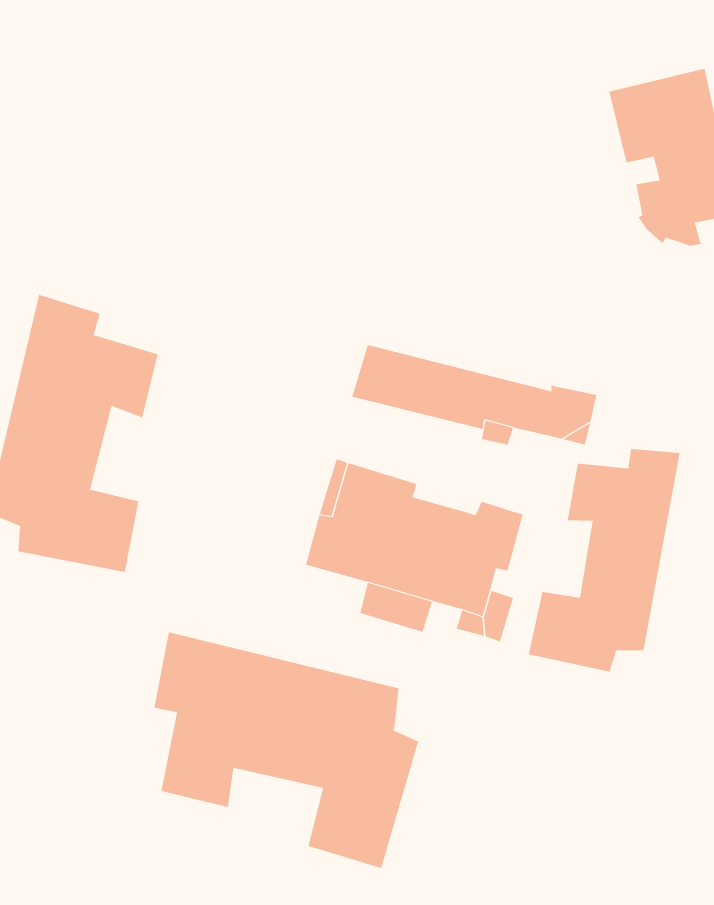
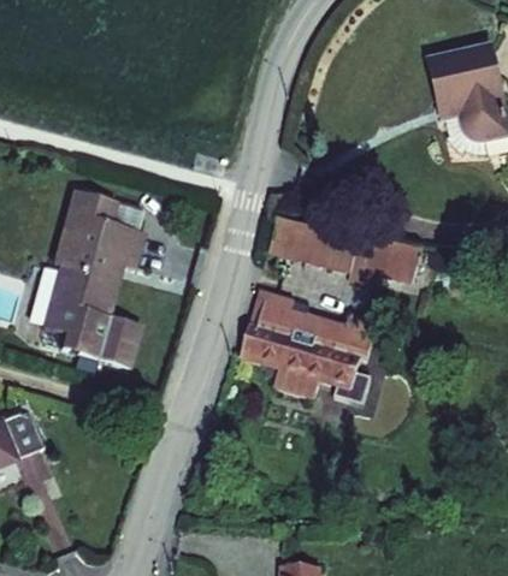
building: [528,448,680,673] -> none
building: [154,631,419,869] -> none

